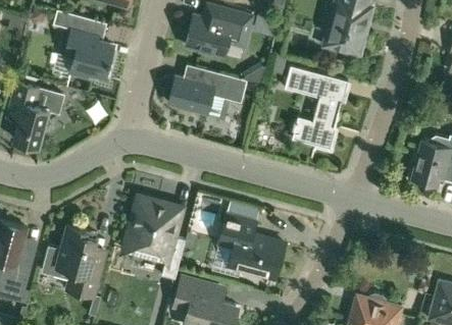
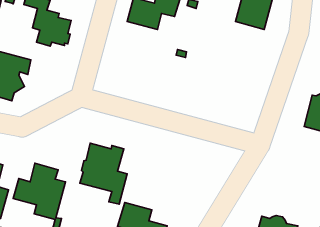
building: [285,65,348,149] -> none
building: [167,69,247,117] -> none
building: [218,214,284,278] -> none

